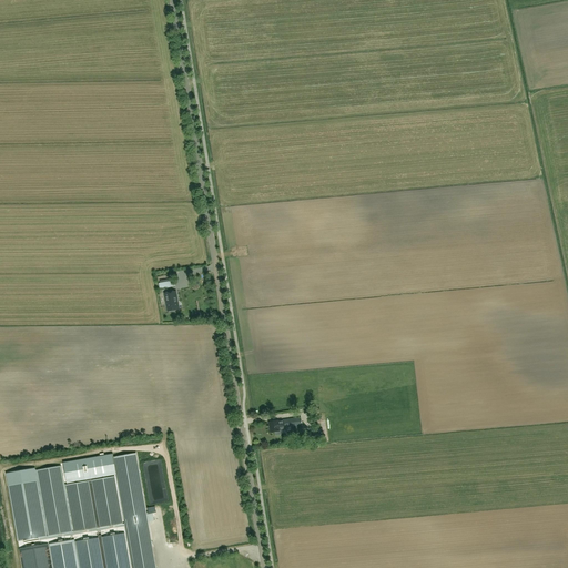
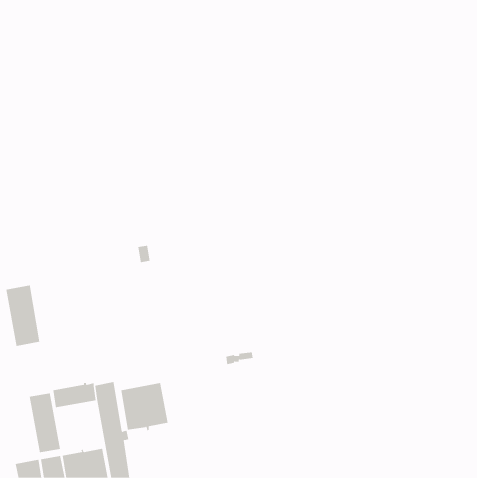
building: [4,469,45,542] -> [5,285,40,347]
building: [64,476,121,534] -> [121,383,168,431]

